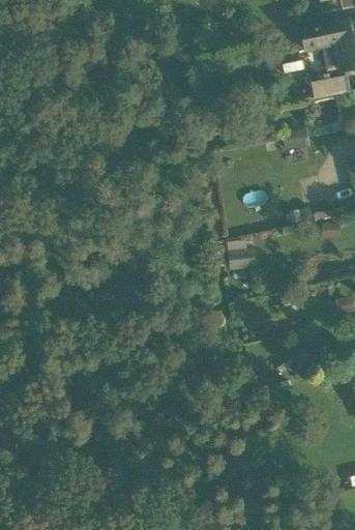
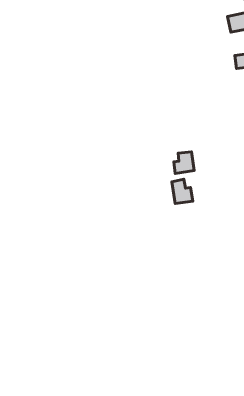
building: none -> [174,152,194,174]

